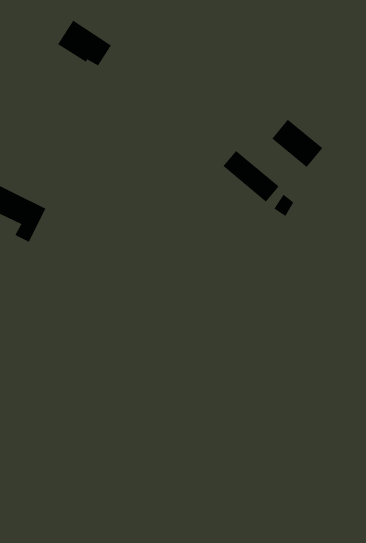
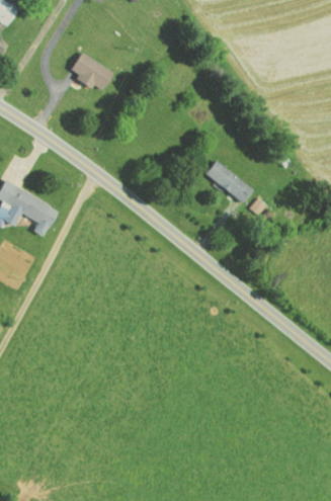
building: [271,119,323,168] -> none

